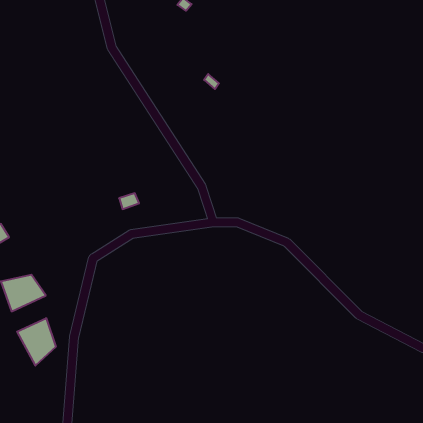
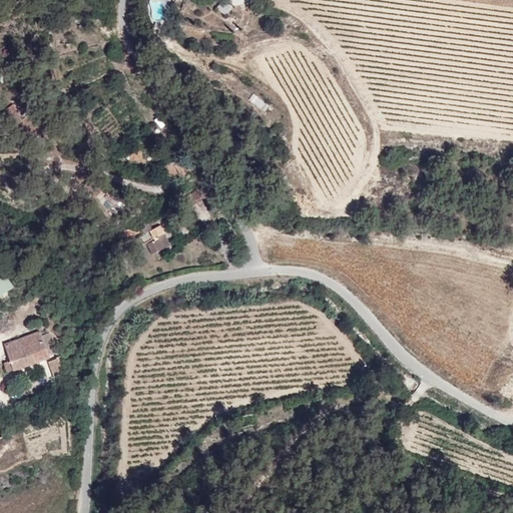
building: [17,318,56,366] -> none

